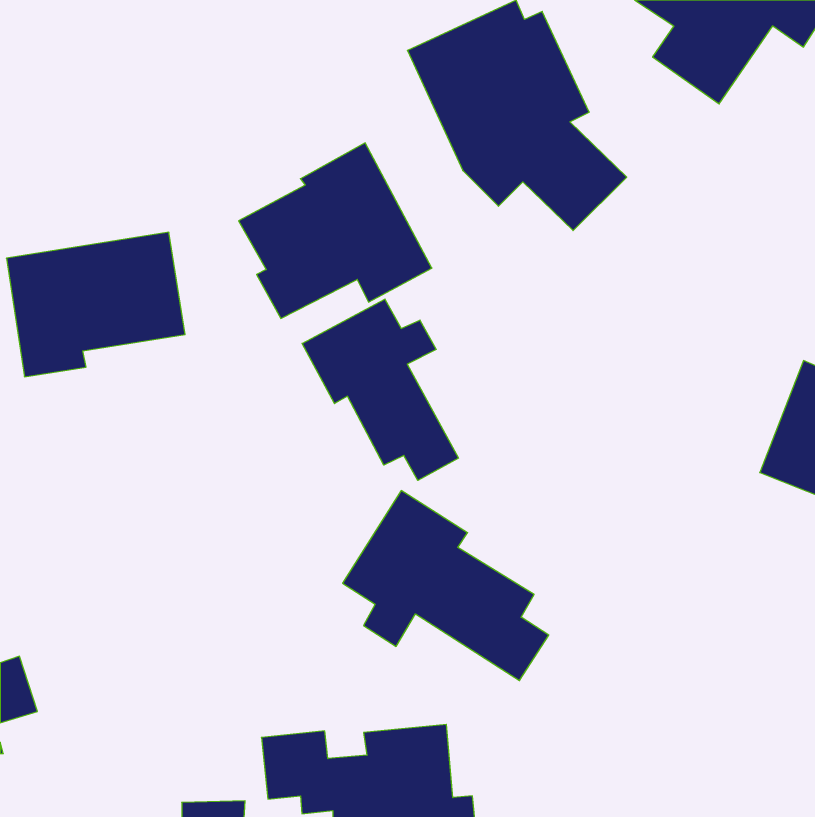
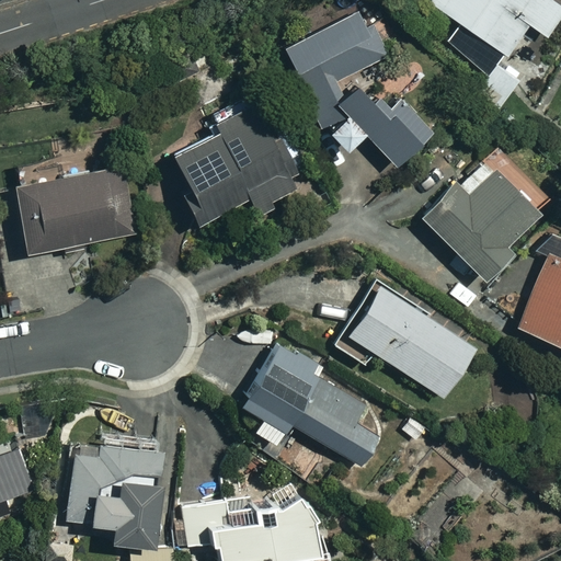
building: none -> [424,168,539,279]
building: [302,299,458,480] -> none
building: none -> [336,284,474,394]
building: none -> [67,444,164,541]

